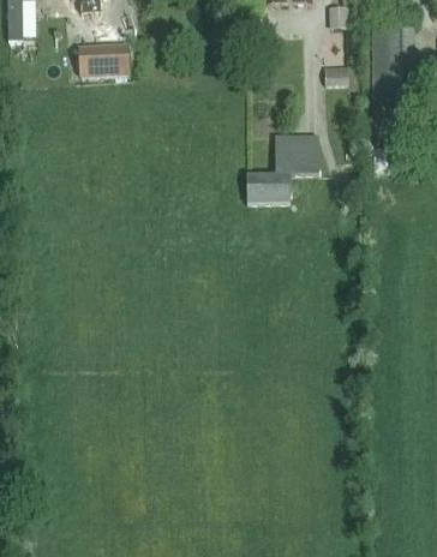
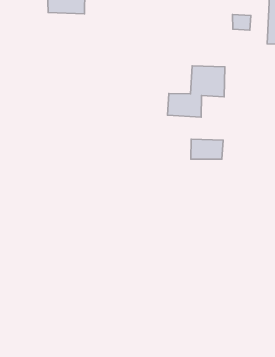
building: none -> [191,139,223,159]

